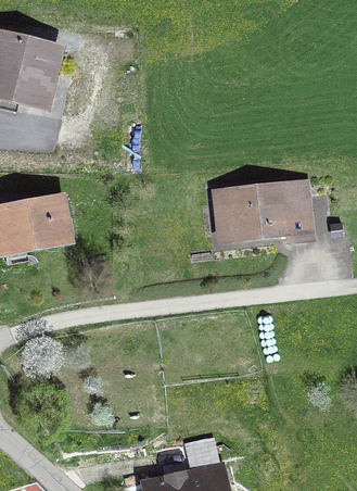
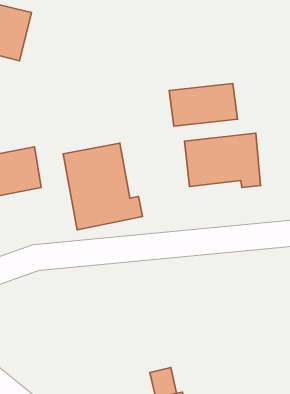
building: none -> [169,84,238,126]
building: none -> [63,143,142,230]

